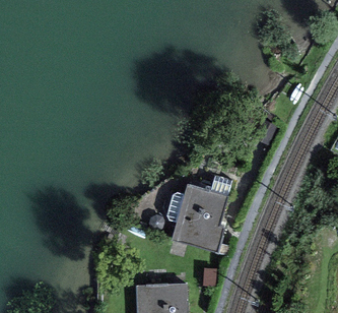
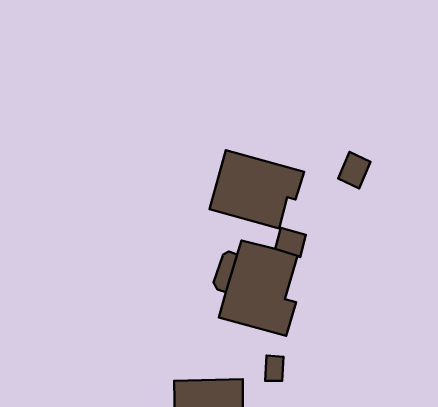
building: none -> [210,150,304,229]

